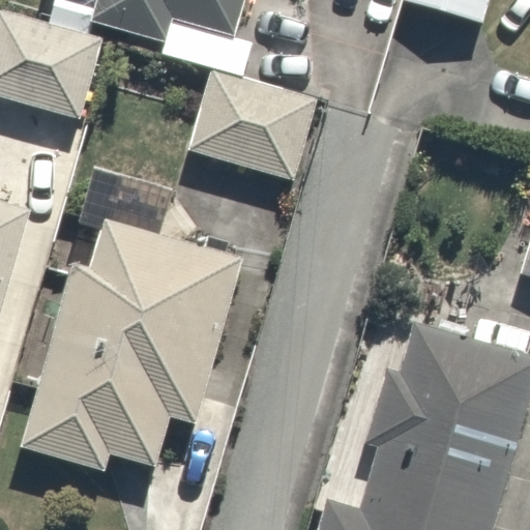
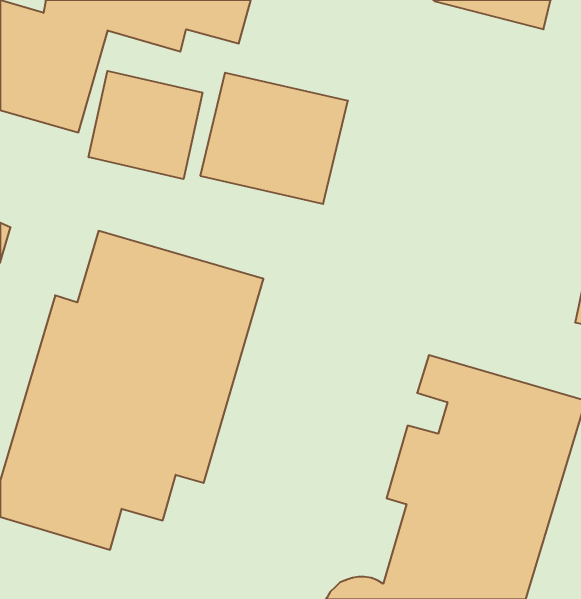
building: none -> [89,71,202,179]

